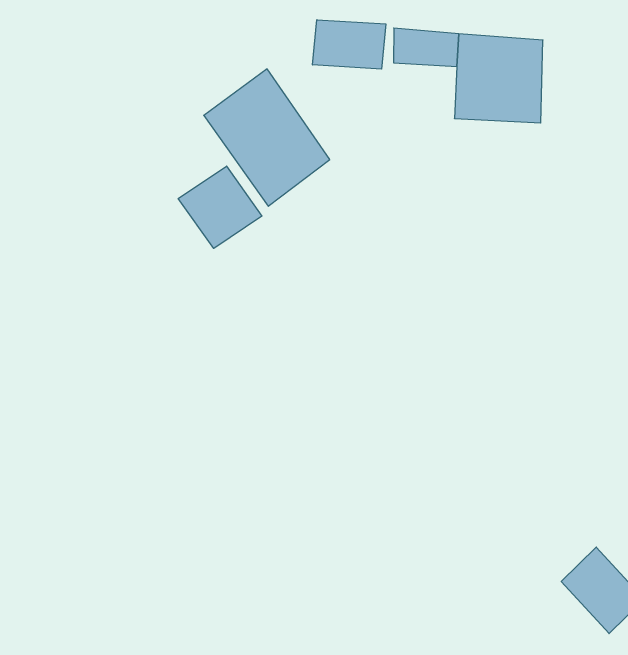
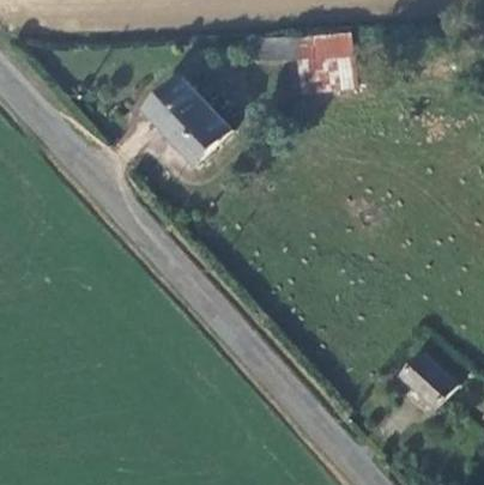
building: [313,20,386,69] -> none
building: [178,166,262,248] -> none

